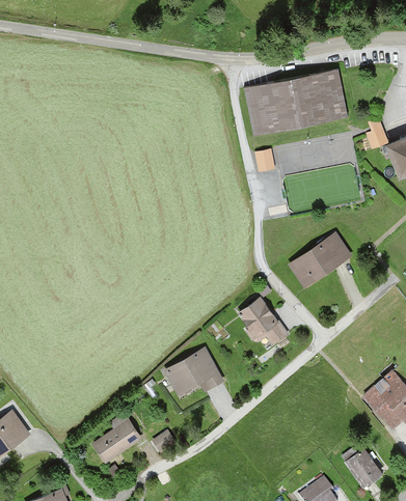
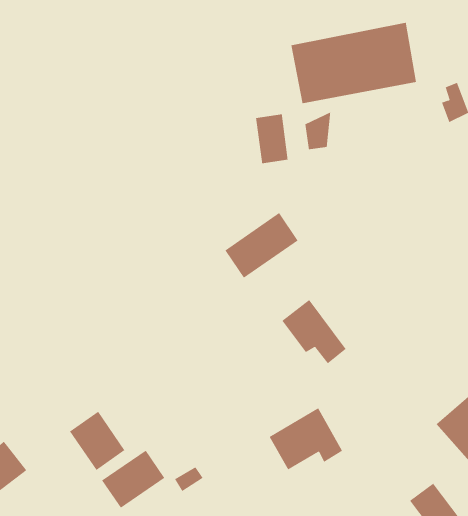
building: none -> [256,113,288,164]
building: [290,232,350,286] -> [224,212,299,279]
building: [165,346,225,397] -> [269,408,343,470]
building: none -> [69,411,125,471]

